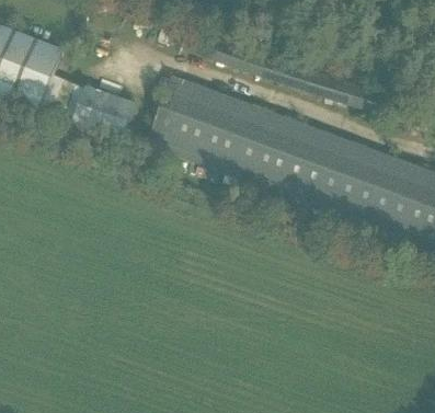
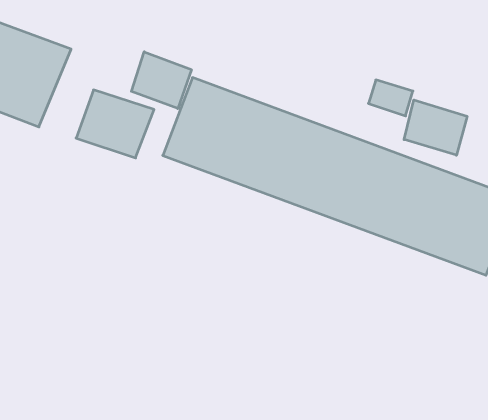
building: none -> [131,52,191,109]
building: none -> [404,100,467,155]

